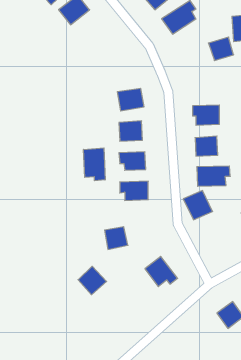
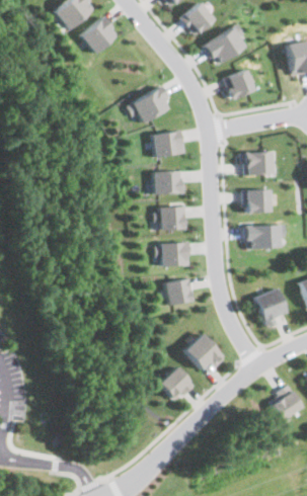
building: [208,37,234,61] -> [224,70,254,98]
building: none -> [124,87,169,122]
building: [84,148,105,181] -> none
building: [183,191,213,220] -> [253,288,289,324]
building: [105,227,128,249] -> [162,278,190,306]
building: [78,266,107,295] -> [158,367,193,402]

